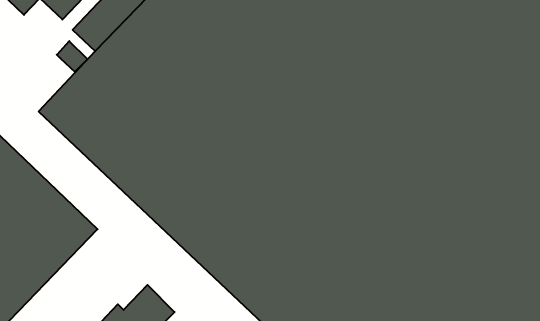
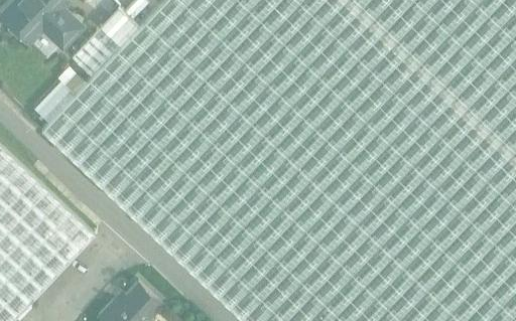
building: none -> [34,81,74,121]

